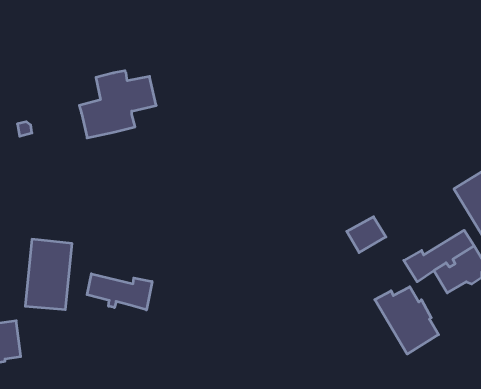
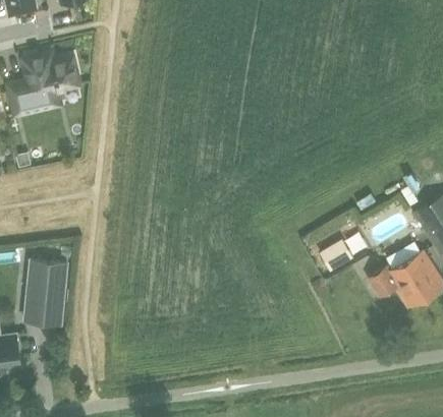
building: [79,71,156,138] -> [8,53,78,114]
building: [87,274,152,310] -> none
building: [375,287,439,354] -> none

